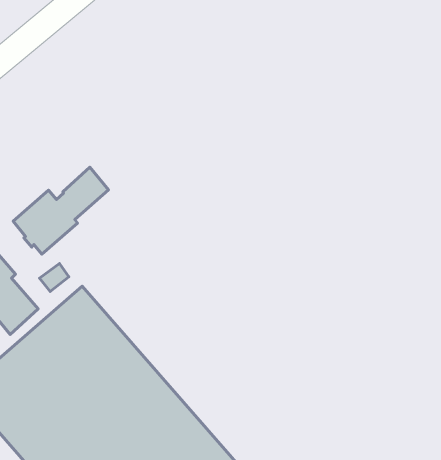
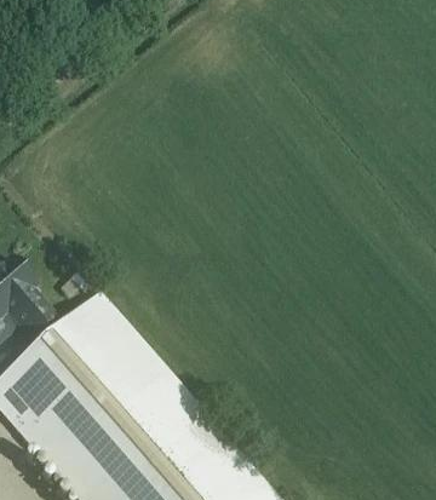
building: [13,167,109,254] -> none

